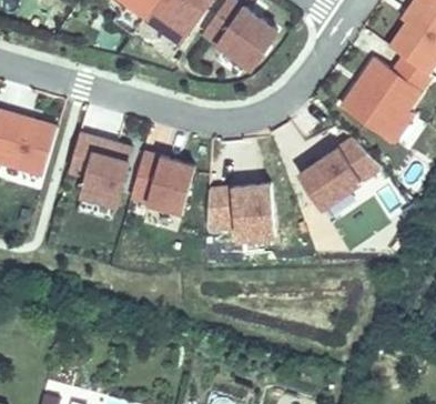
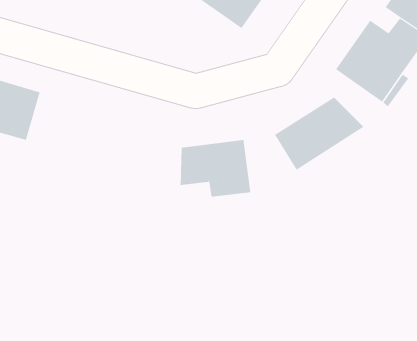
building: [70,134,134,208] -> none
building: [132,153,196,212] -> none

